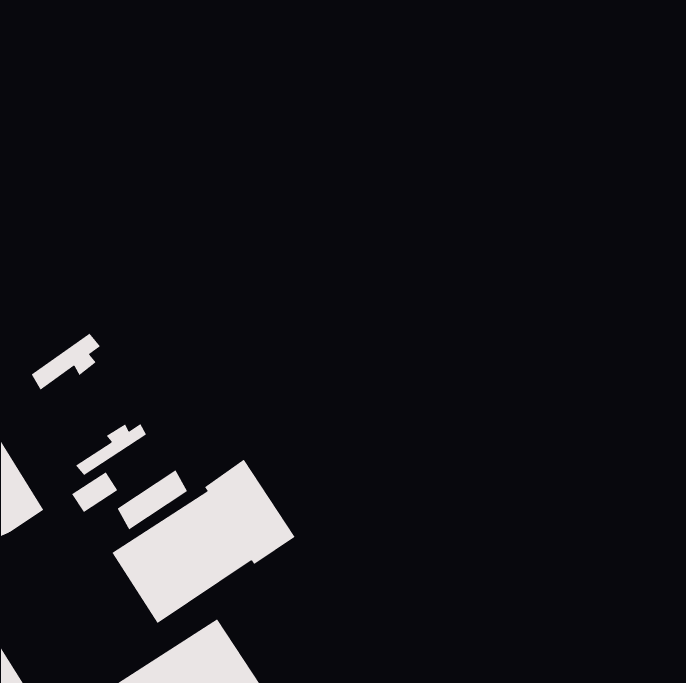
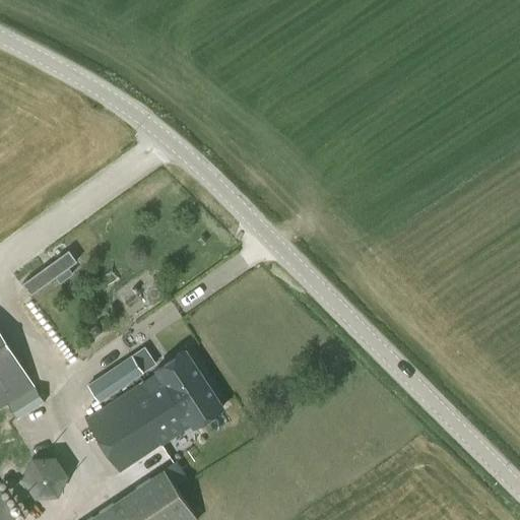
building: [75,423,147,476] -> none
building: [71,471,118,513] -> [7,388,43,419]
building: none -> [21,452,70,500]

